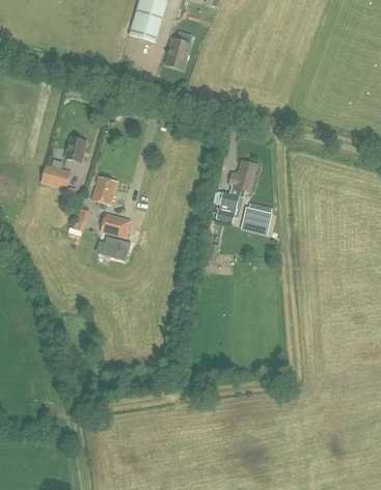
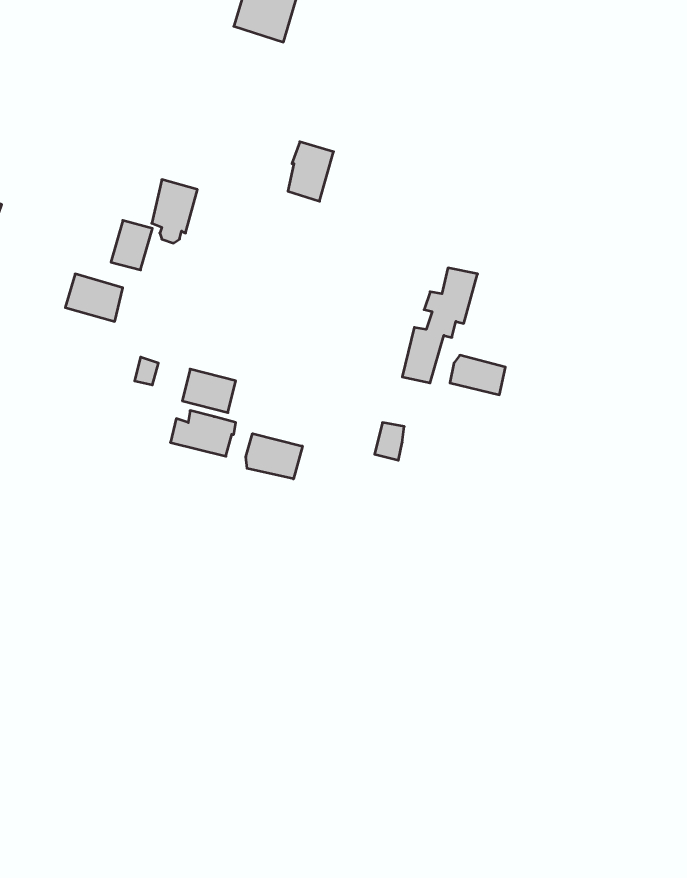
building: [166,37,190,69] -> [288,142,334,201]
building: [92,175,116,209] -> [152,180,197,243]
building: none -> [246,434,302,479]

